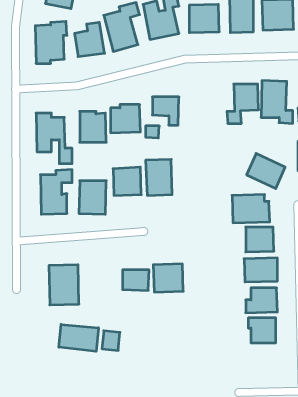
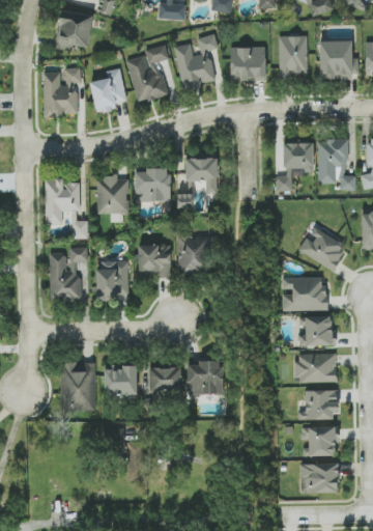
building: none -> [105,364,137,396]
building: [59,324,98,351] -> none
building: none -> [300,462,338,492]

